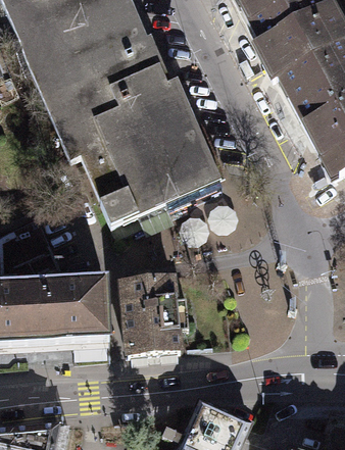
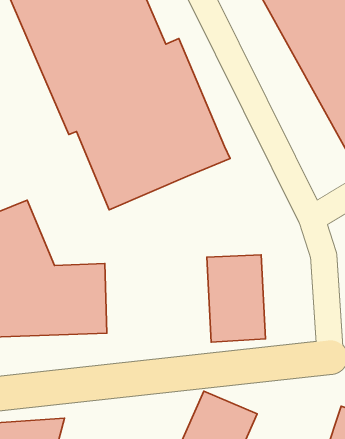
building: [126,279,181,360] -> [207,255,266,342]

